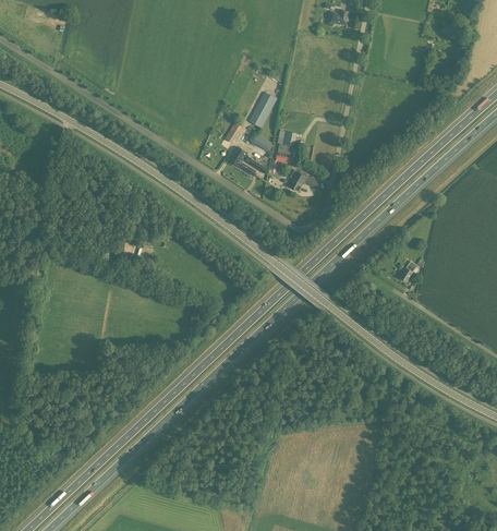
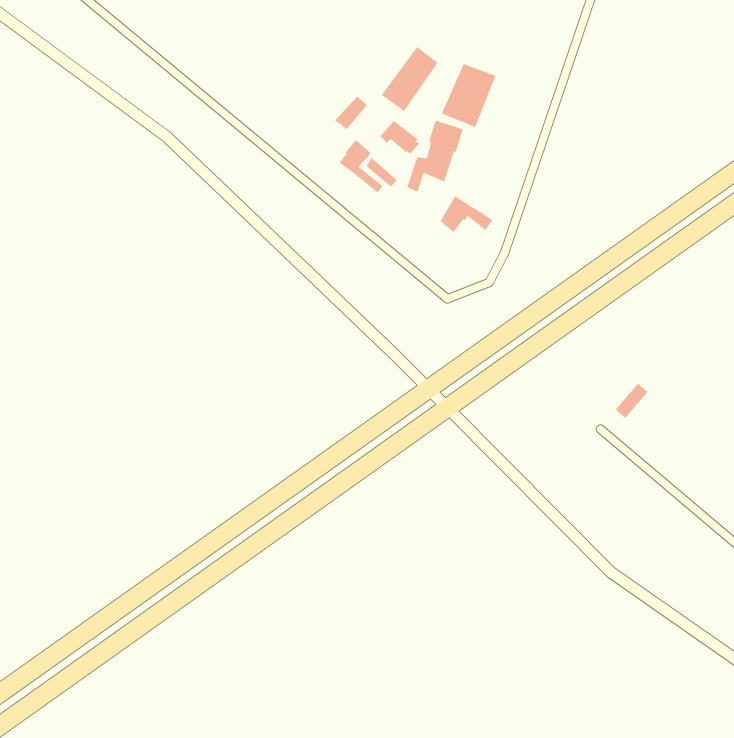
building: none -> [441,63,496,128]

